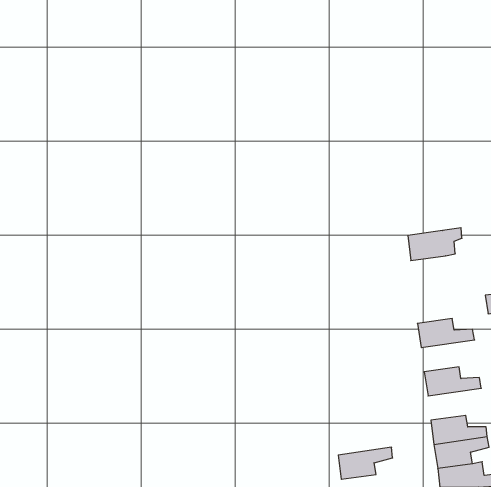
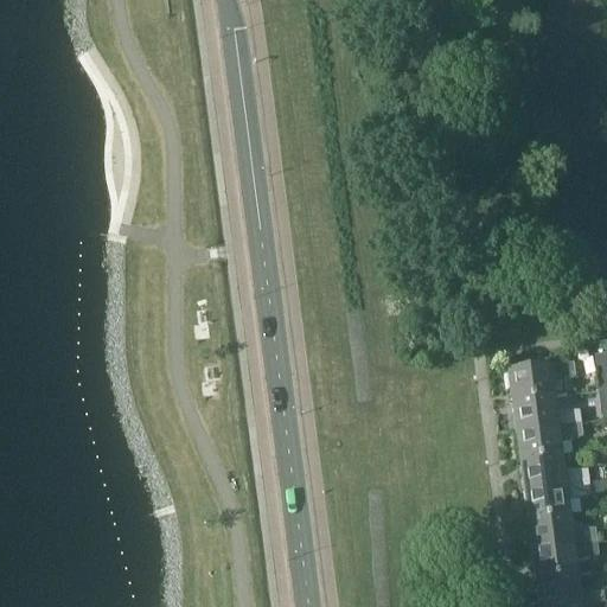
building: [408,228,462,261] -> [512,356,579,396]
building: none -> [520,416,587,455]
building: [338,447,393,479] -> [529,475,595,515]

